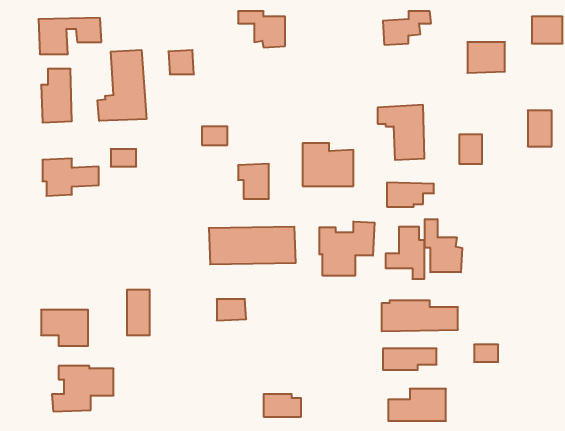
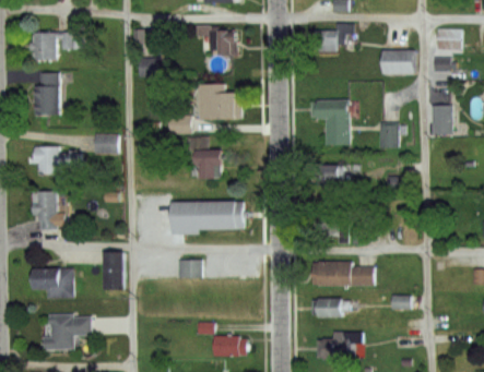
building: [97,50,146,121] -> none
building: [303,143,353,186] -> [198,85,239,120]
building: none -> [33,191,59,229]
building: [425,219,462,272] -> none
building: [319,221,375,276] -> none

